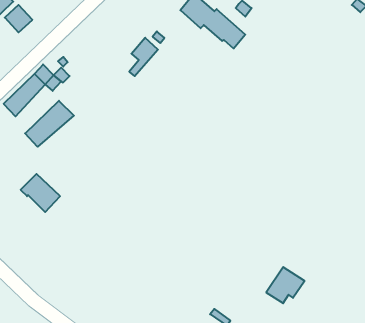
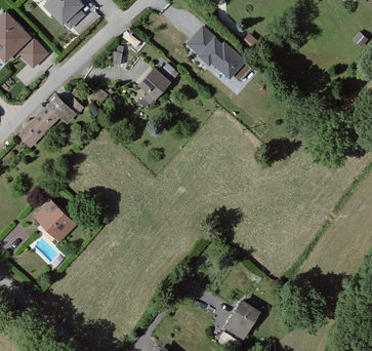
building: [25,101,74,147] -> none
building: [266,267,305,303] -> [222,302,259,337]

